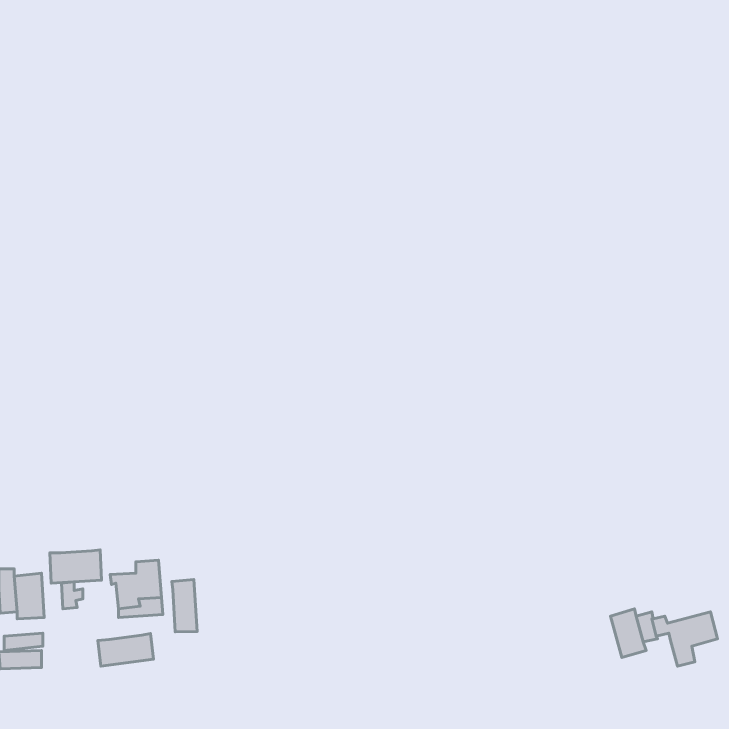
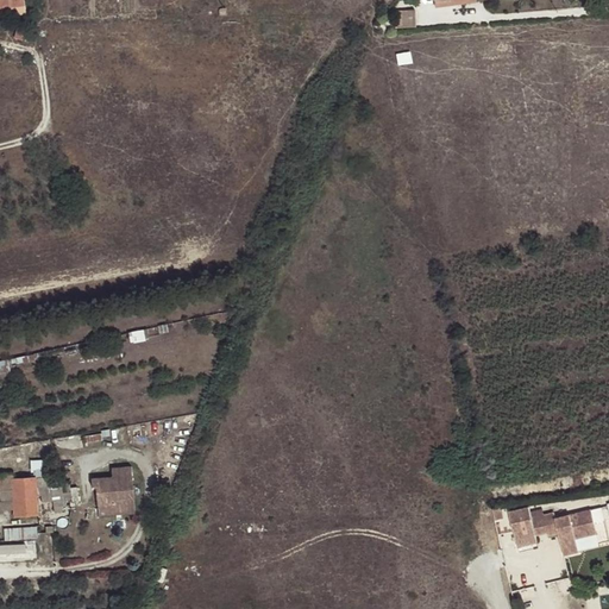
building: [50,550,102,583] -> none
building: [172,580,197,632] -> none
building: [98,633,154,666] -> none

